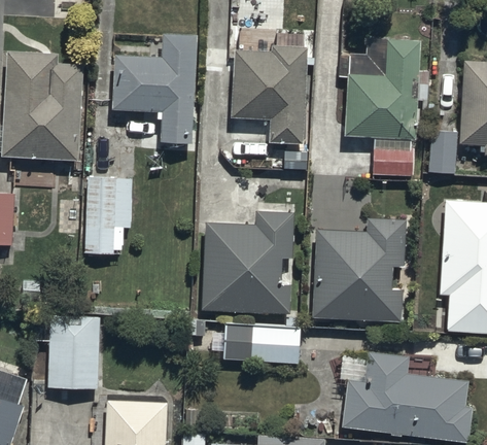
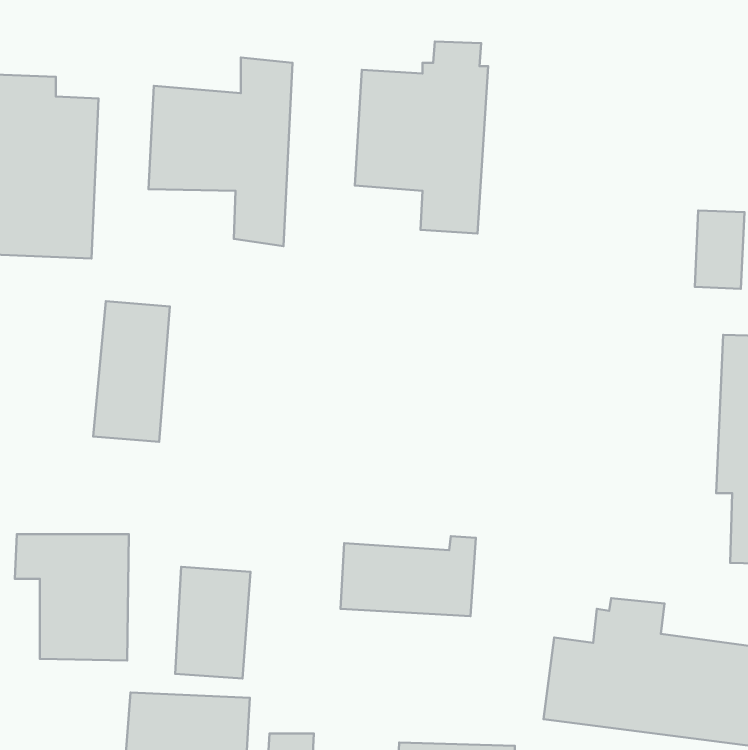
building: [345,38,418,175] -> none
building: [203,210,294,312] -> none
building: [312,217,407,321] -> none
building: none -> [175,567,250,679]

